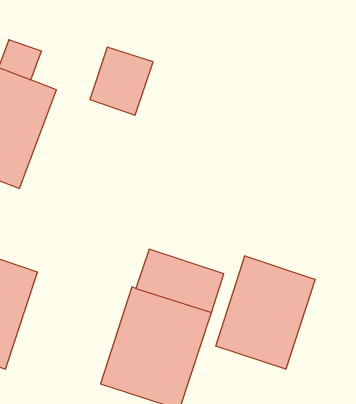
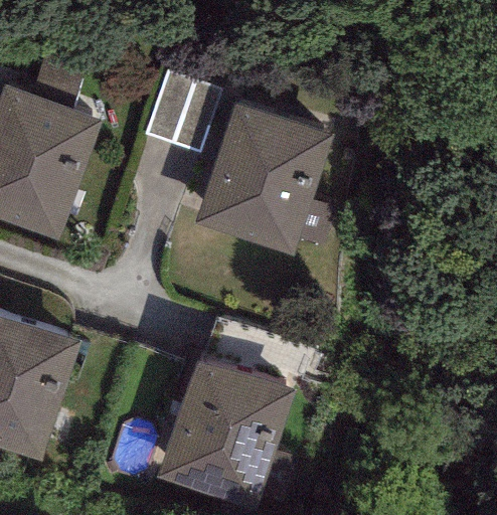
building: none -> [194,100,334,255]
building: [216,256,315,369] -> none

